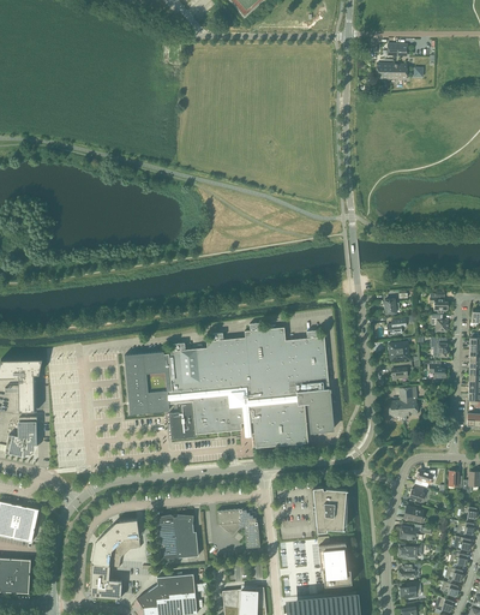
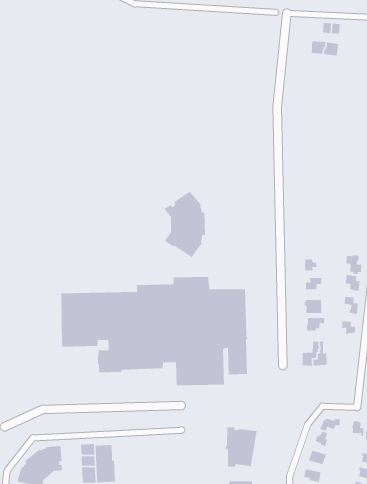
building: none -> [163,191,206,258]
building: [217,509,260,549] -> none

